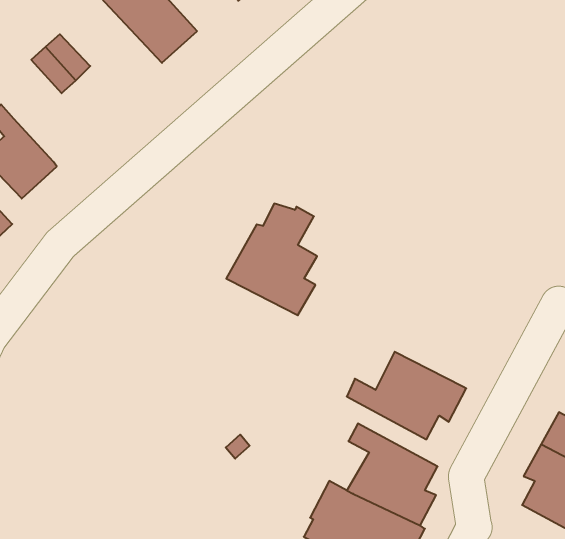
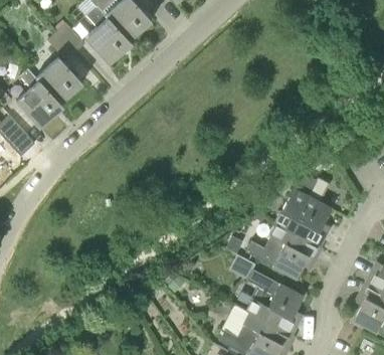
building: none -> [84,6,132,64]
building: none -> [35,56,81,104]
building: [226,204,317,315] -> [273,175,331,245]

